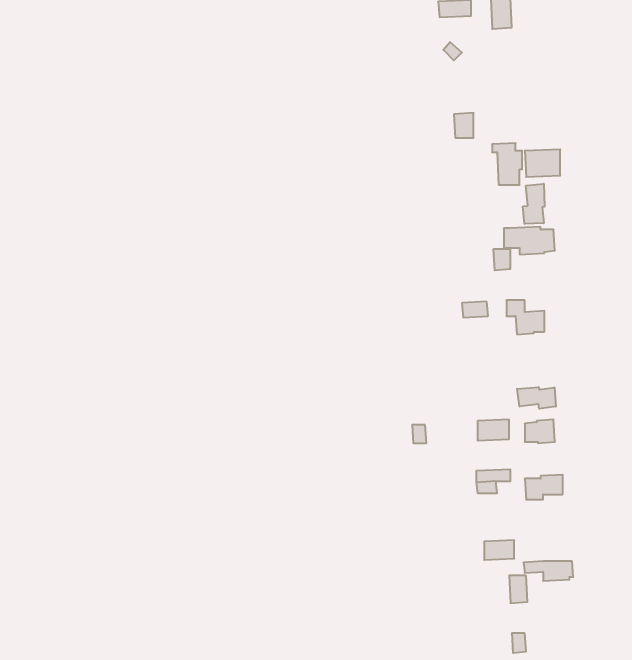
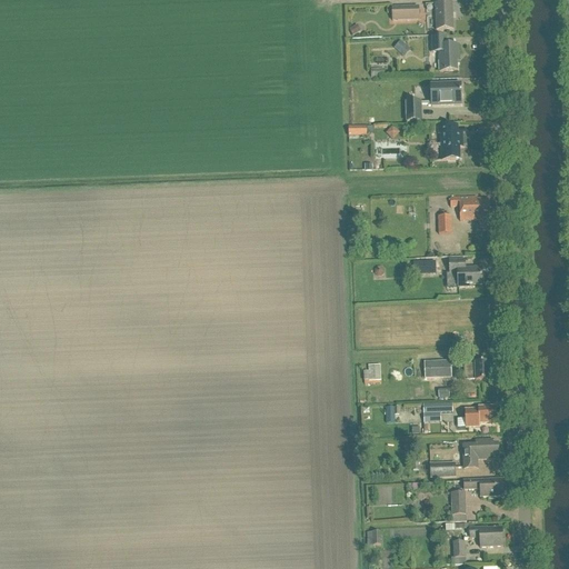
building: none -> [432,33,459,69]
building: [525,149,560,177] -> [431,80,461,103]
building: [523,184,545,224] -> none
building: [517,387,556,409] -> none
building: none -> [462,438,498,467]
building: none -> [469,525,503,543]

